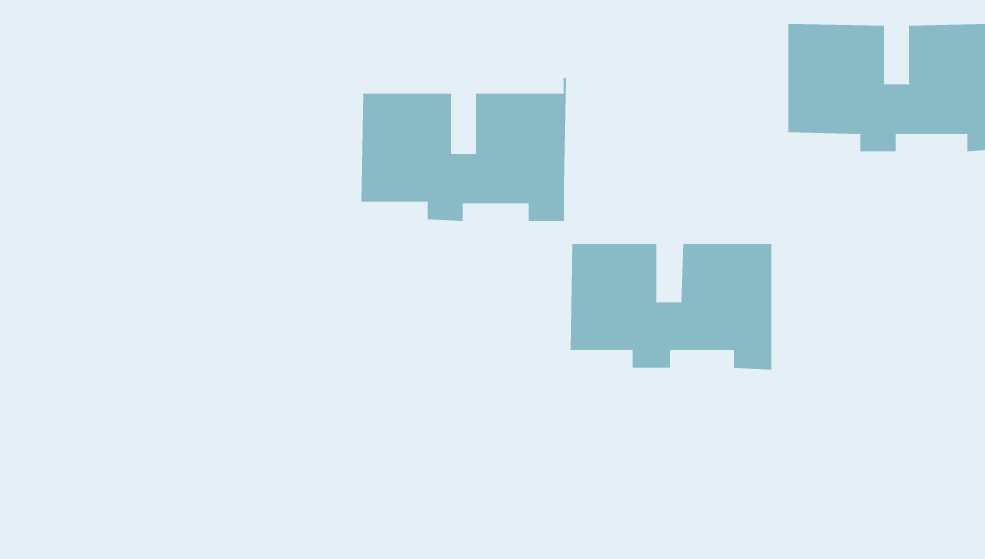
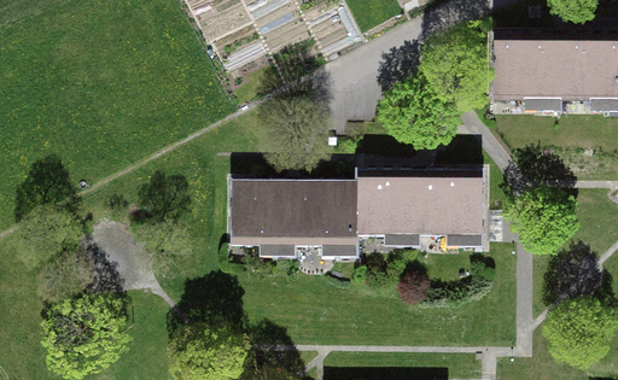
building: [361,77,567,222] -> [231,170,358,259]

